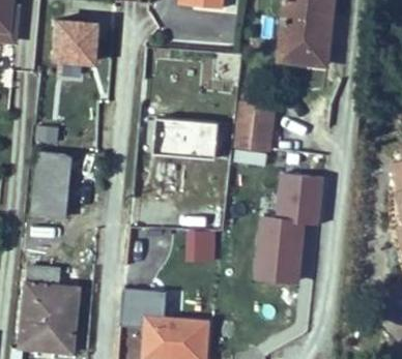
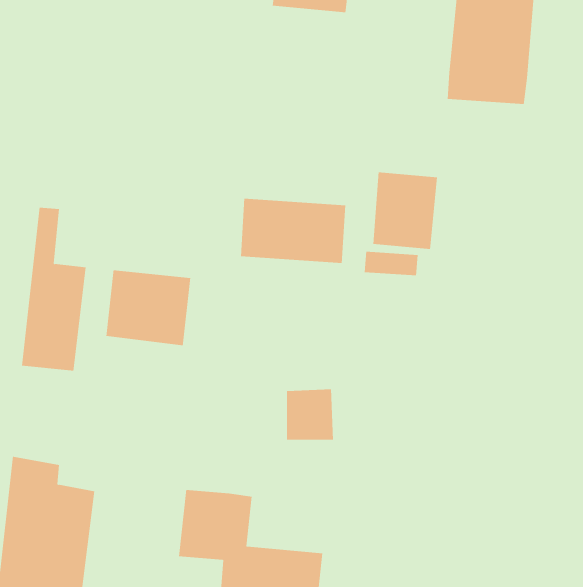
building: [48,22,95,65] -> none
building: none -> [106,269,191,346]
building: [254,175,322,282] -> none

